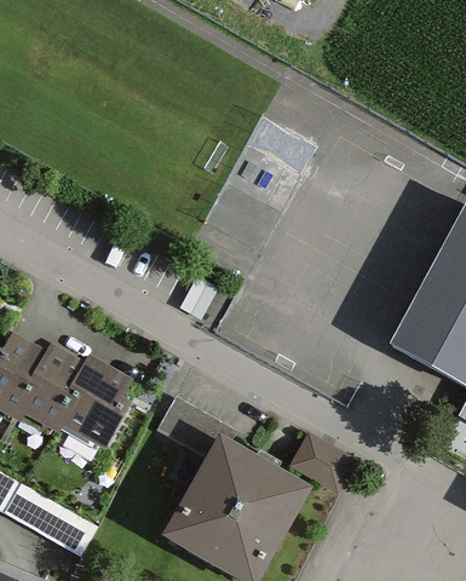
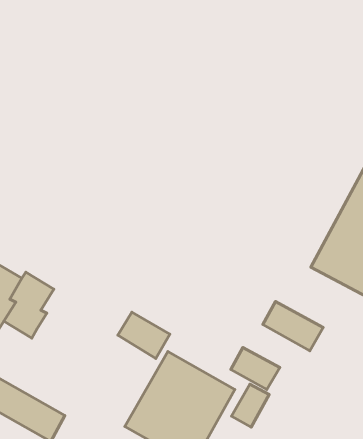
building: [64,362,126,442] -> none
building: none -> [263,301,323,351]
building: none -> [232,384,269,427]

